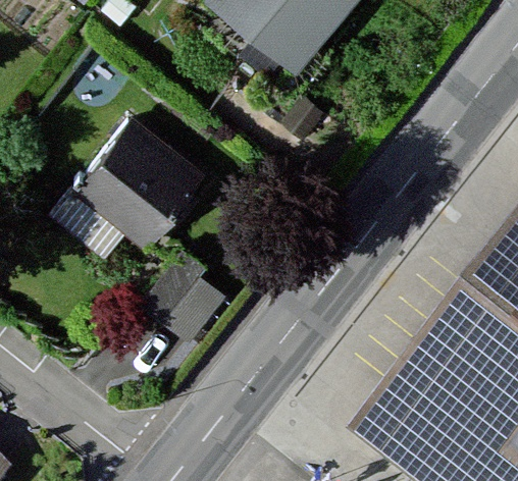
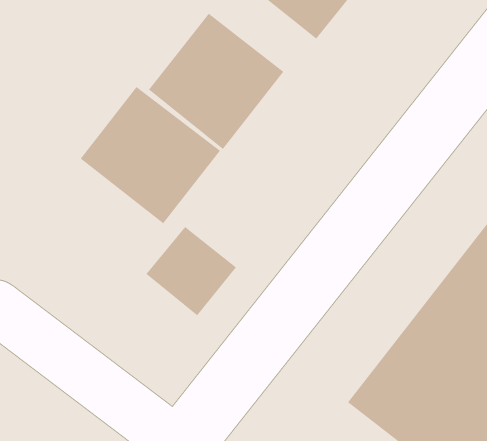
building: none -> [148,13,284,150]

